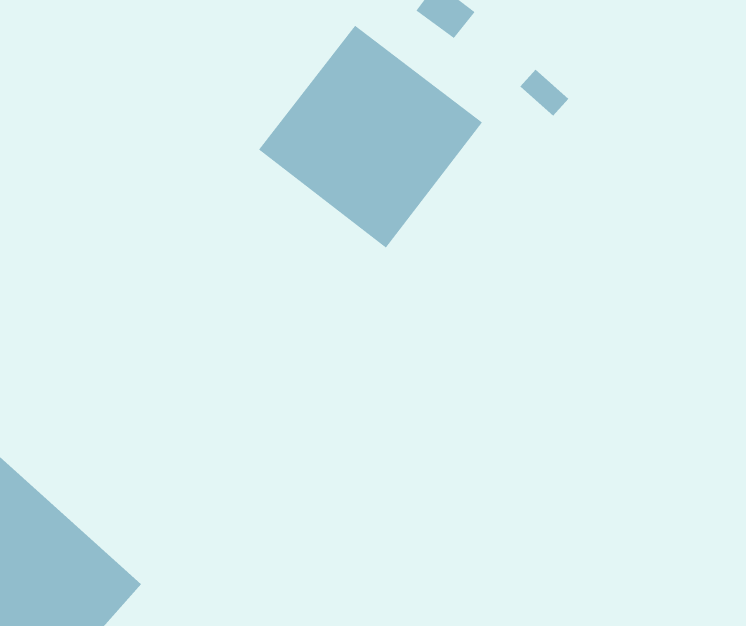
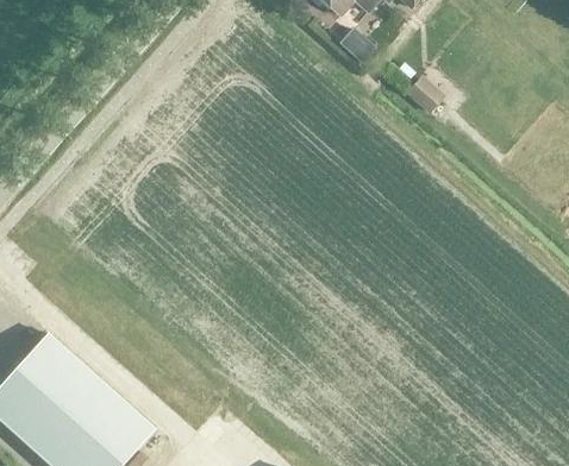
building: [258,25,483,249] -> none

